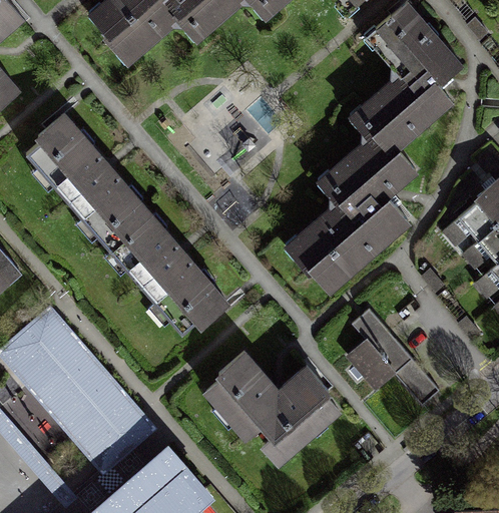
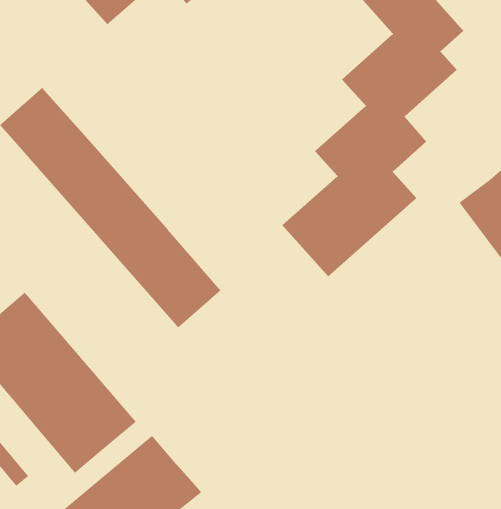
building: [342,310,438,404] -> none
building: [202,356,345,481] -> none

